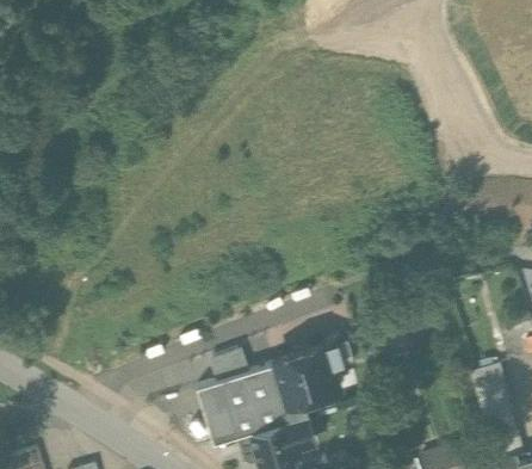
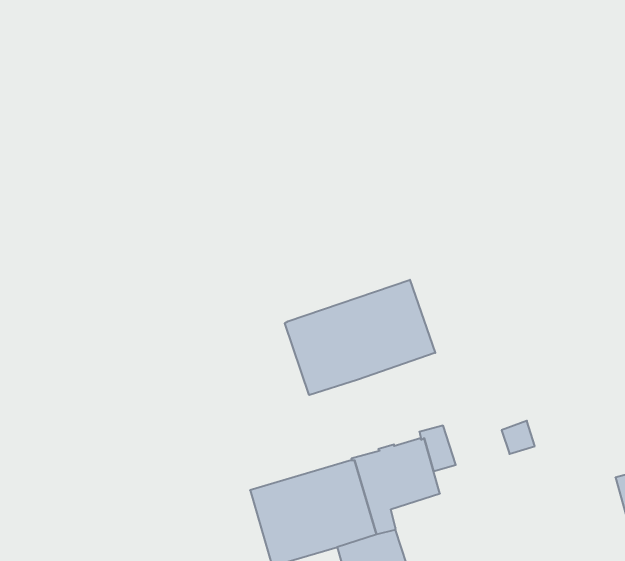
building: none -> [285,280,435,395]

